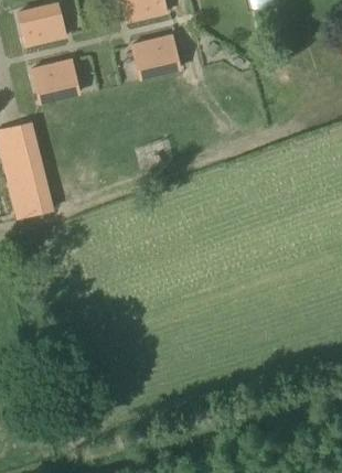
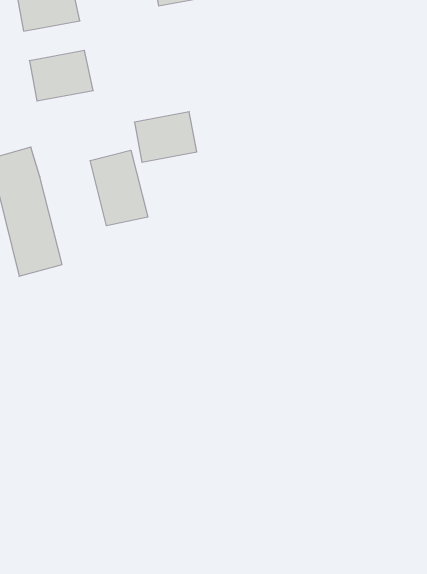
building: [129,34,175,72] -> [134,112,197,162]
building: none -> [90,150,148,226]

